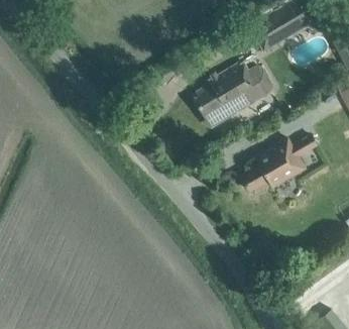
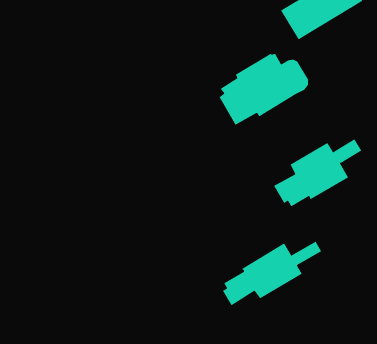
building: none -> [222,241,322,306]

